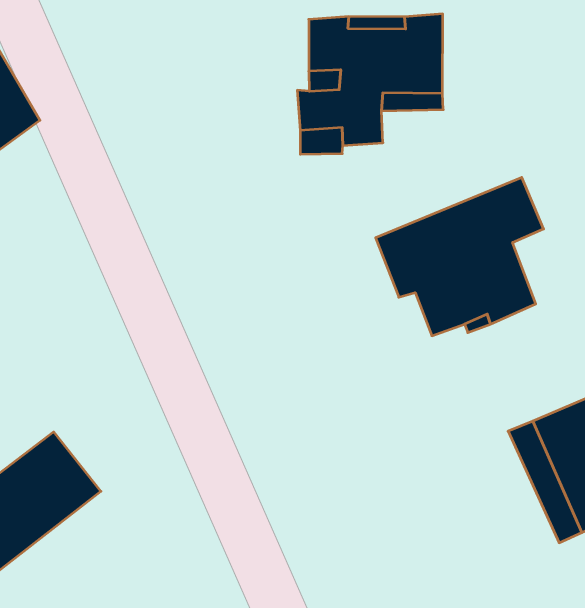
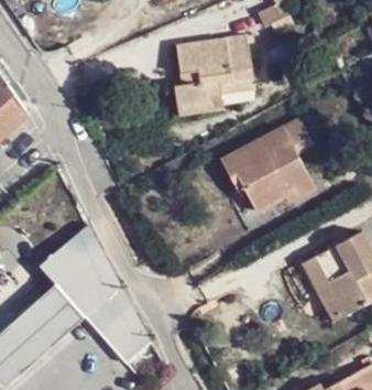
building: none -> [41,223,153,359]

